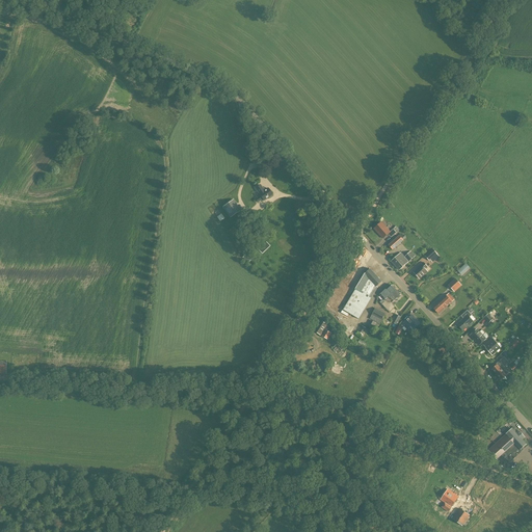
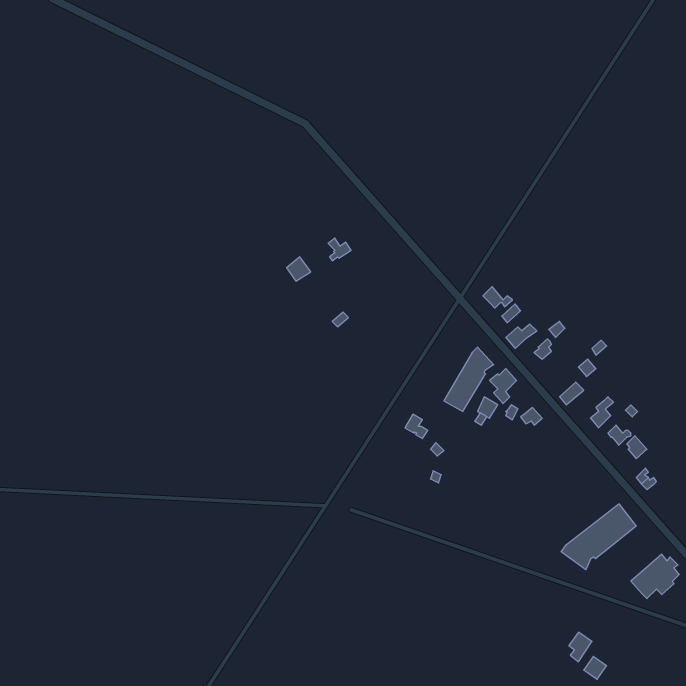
building: none -> [561,504,636,570]

